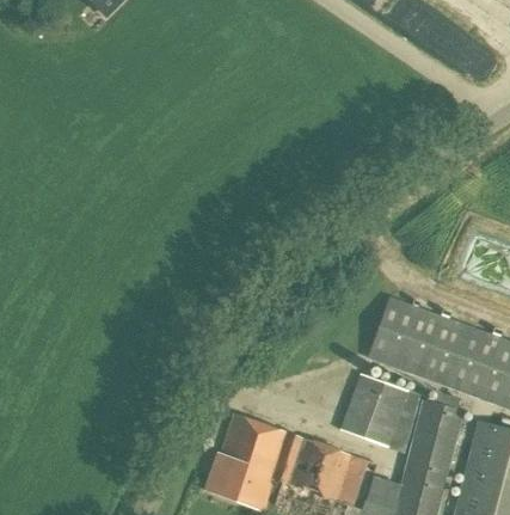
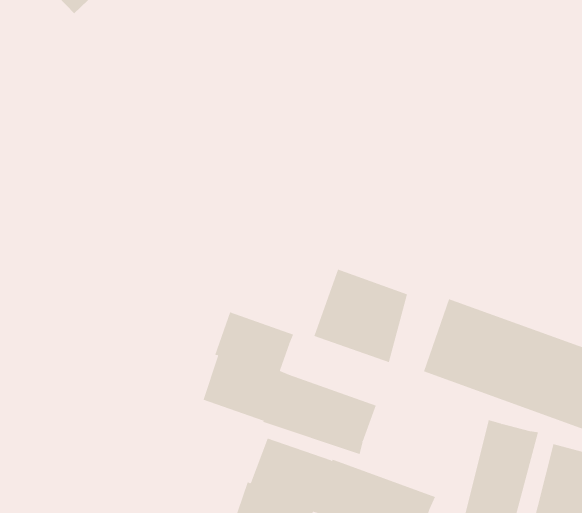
building: none -> [203,312,376,455]
building: [339,372,419,452] -> [314,269,408,363]

